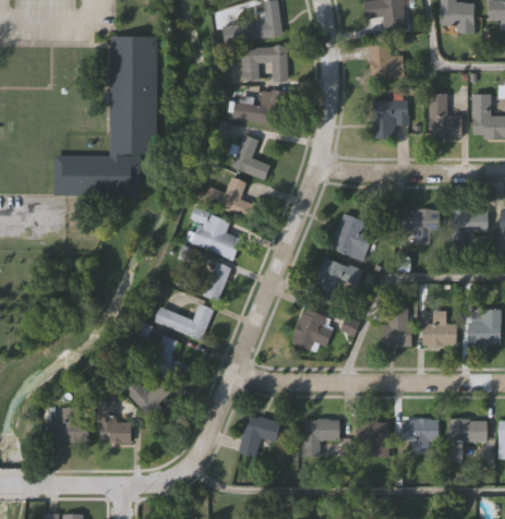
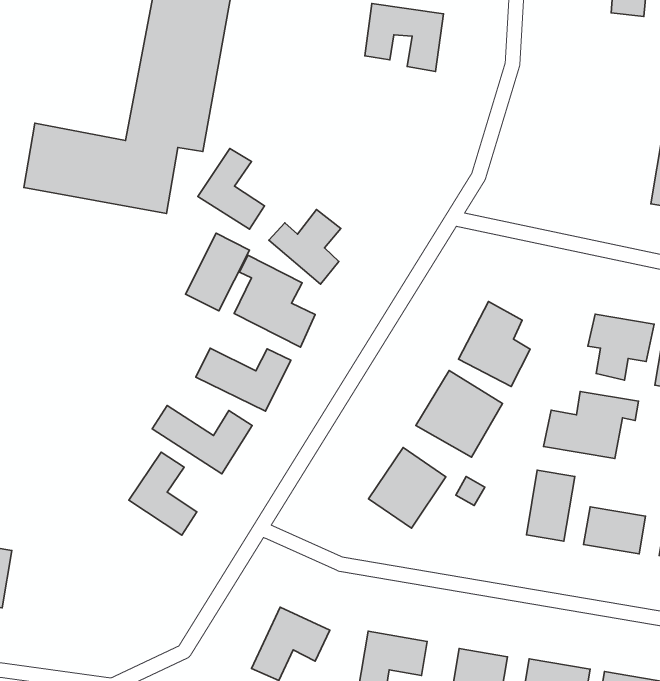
building: [370,47,402,79] -> none
building: [232,90,281,124] -> none
building: [372,100,407,138] -> none
building: [230,135,270,181] -> [198,148,264,229]
building: none -> [185,233,250,311]
building: none -> [544,391,639,458]
building: [131,381,170,414] -> none
building: [98,401,131,444] -> none

